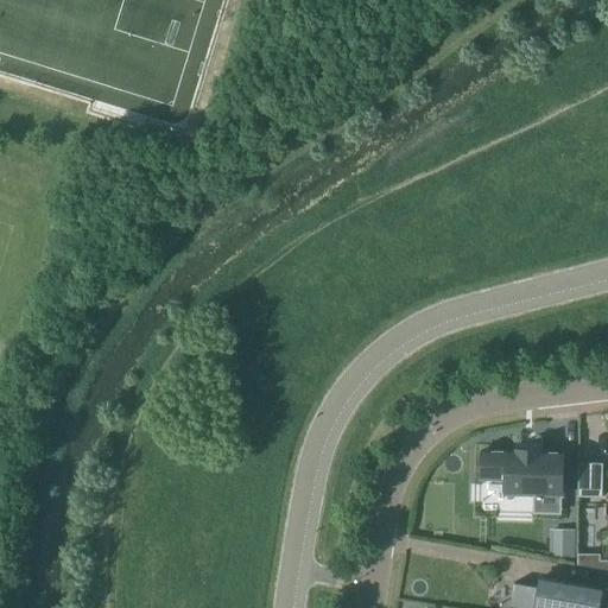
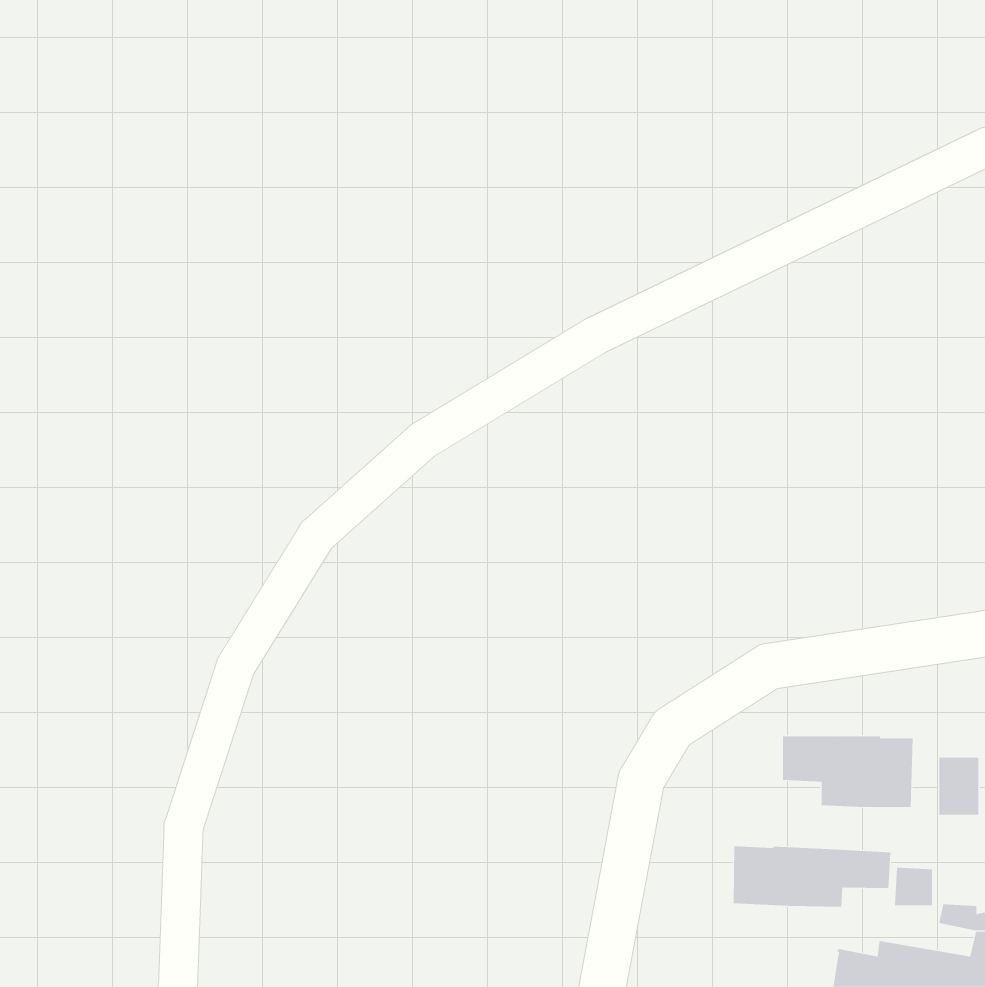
building: none -> [733,846,891,908]

